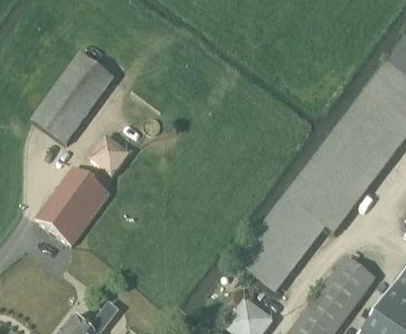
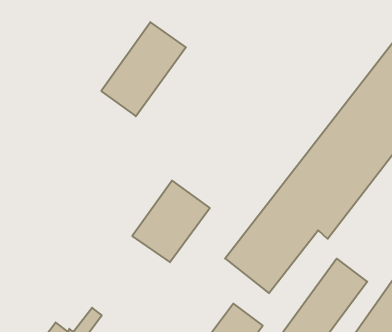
building: [31,53,113,144] -> [101,22,186,116]
building: [88,134,129,174] -> none
building: [34,165,109,244] -> [132,181,210,262]

